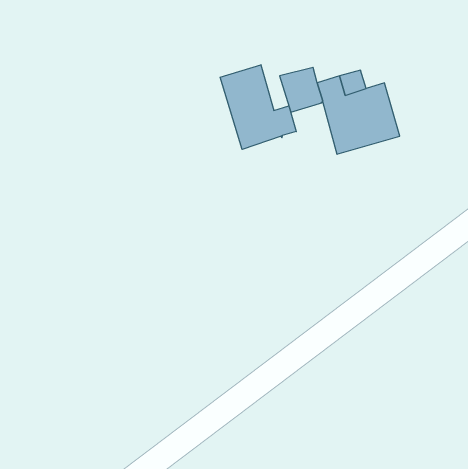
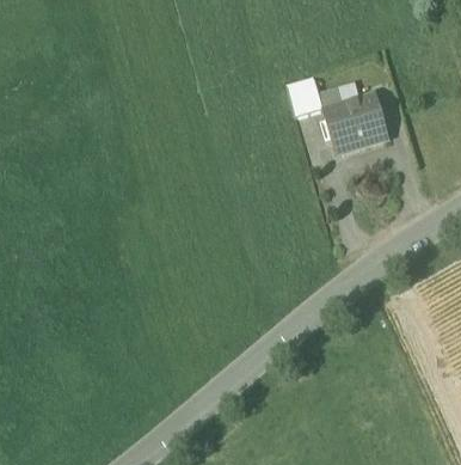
building: [220,65,296,149] -> none

